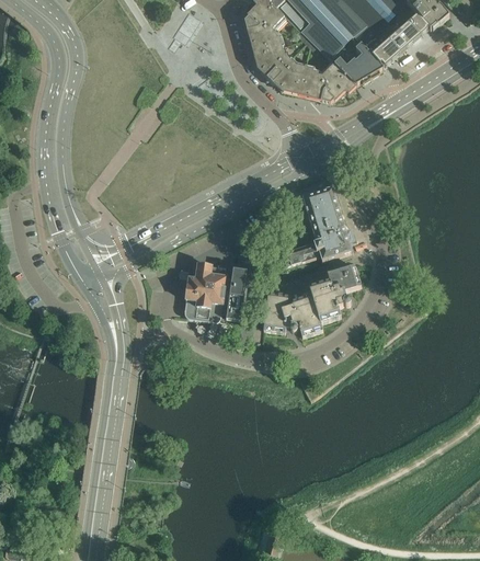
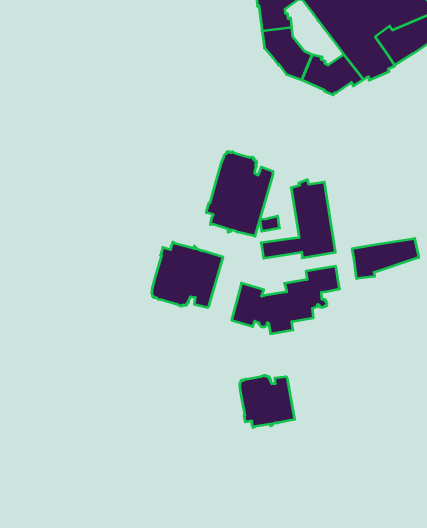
building: none -> [206,151,273,236]
building: none -> [352,238,419,279]
building: none -> [240,375,295,428]

